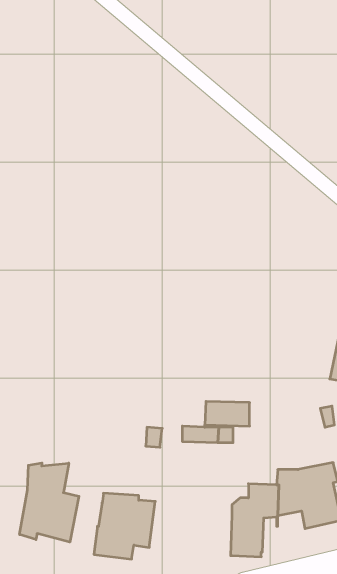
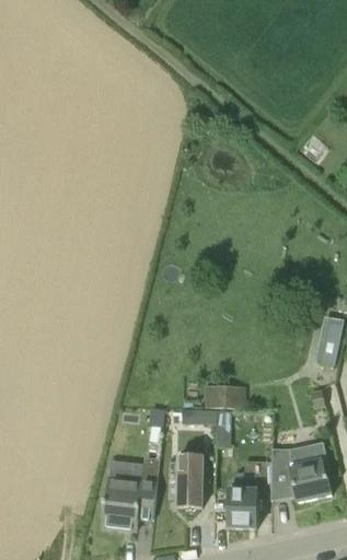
building: [20,463,79,542] -> none
building: none -> [177,453,201,513]

